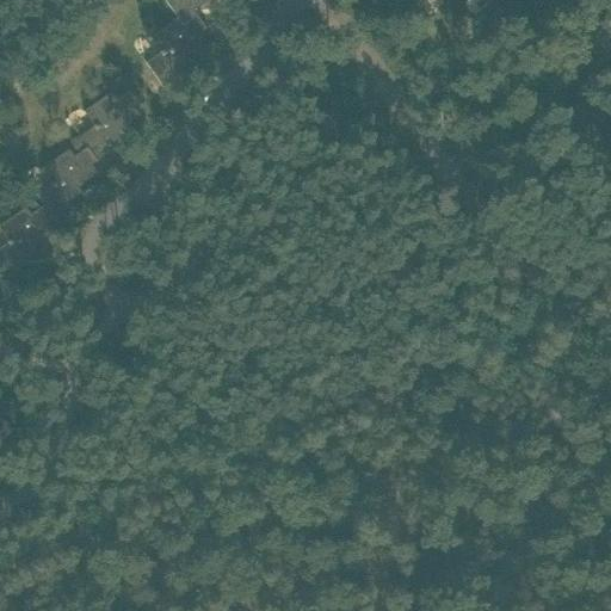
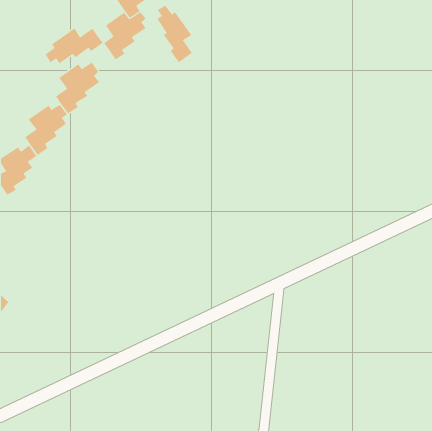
building: none -> [156,5,193,63]
building: none -> [45,28,103,64]

